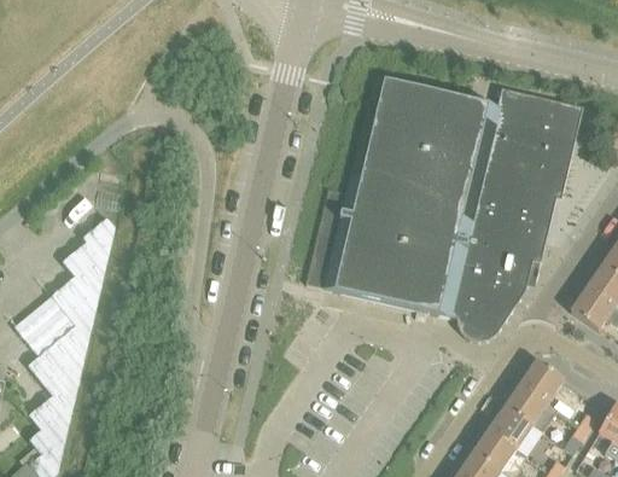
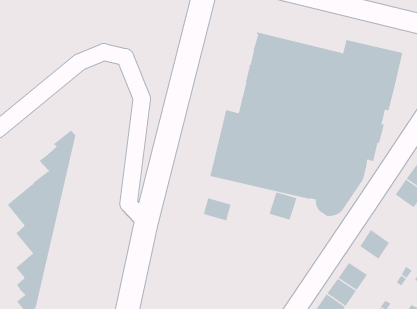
building: none -> [269,192,297,220]
building: none -> [203,197,231,221]
building: [506,383,560,424] -> none

